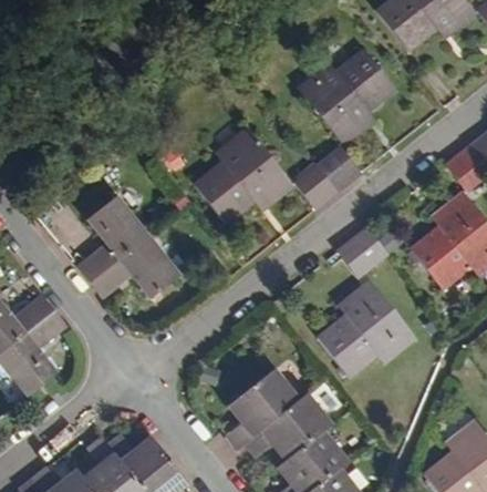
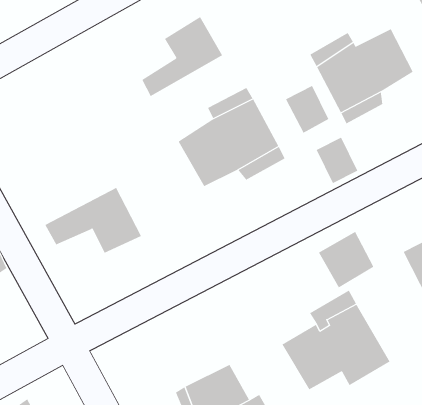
building: none -> [141,16,223,97]
building: [294,170,336,214] -> [285,85,329,133]
building: [77,194,147,275] -> none

